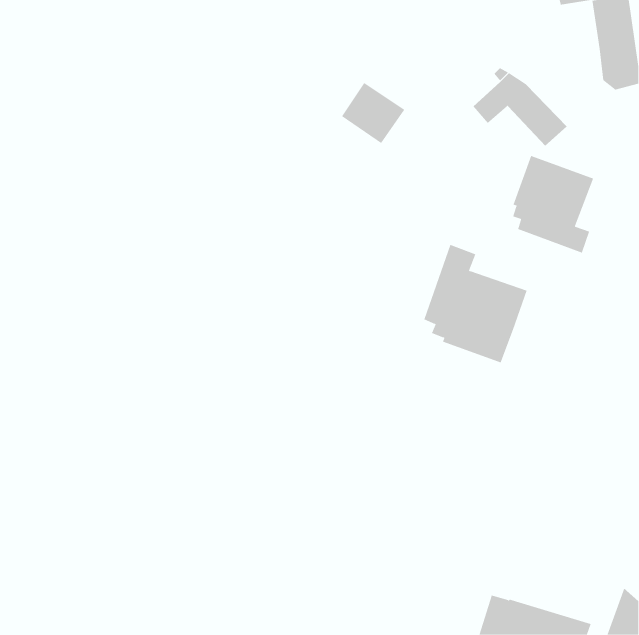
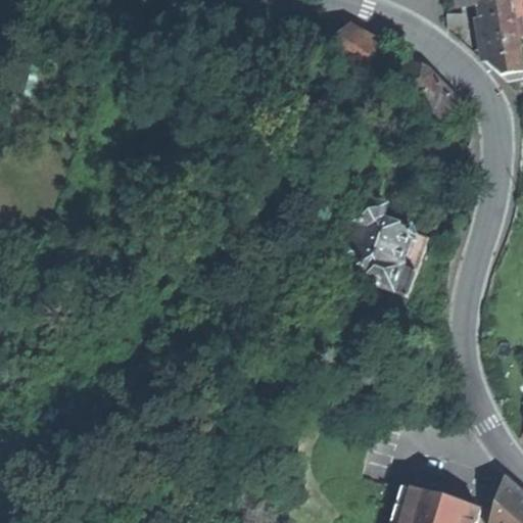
building: [341,82,405,144] -> [329,19,381,69]
building: [512,155,594,253] -> none

